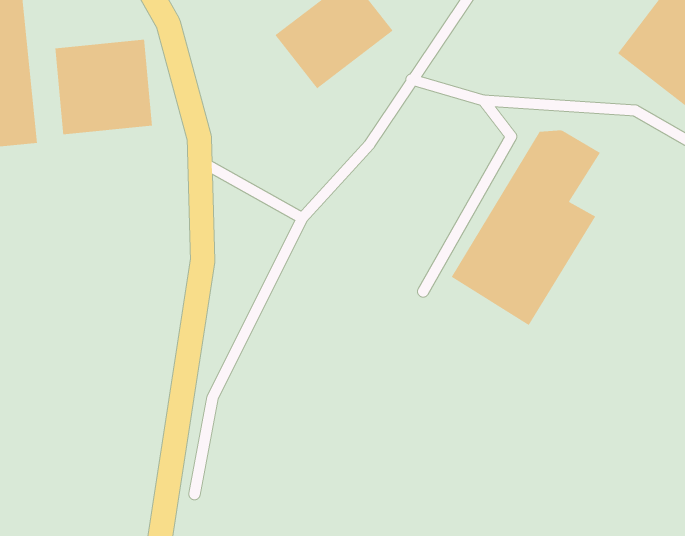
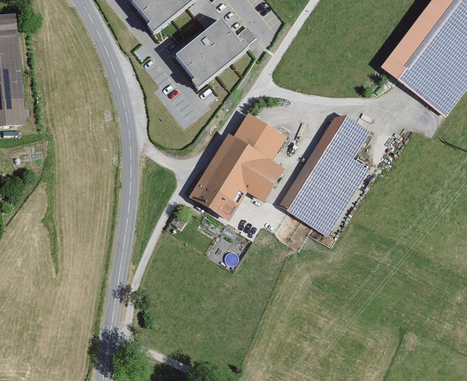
building: [55,39,152,135] -> none
building: none -> [192,112,286,219]

